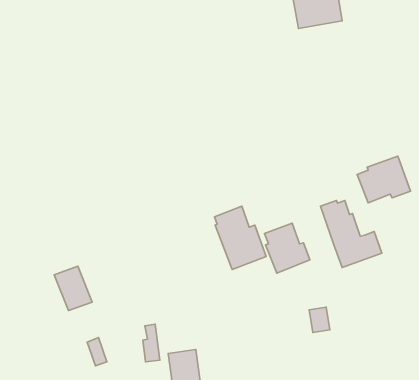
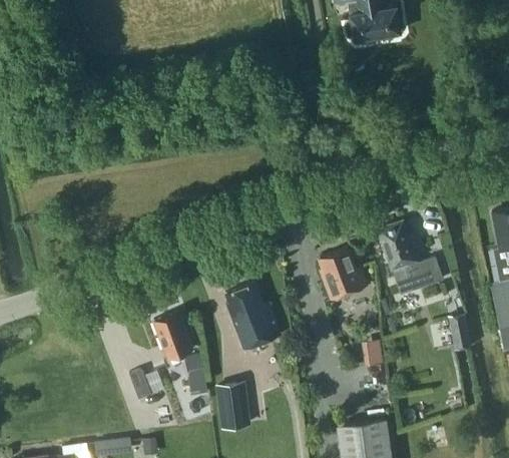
building: [357,156,410,203] -> none
building: [214,206,266,270] -> [224,283,280,350]
building: [54,266,92,311] -> [152,312,192,359]
building: none -> [448,315,471,350]

